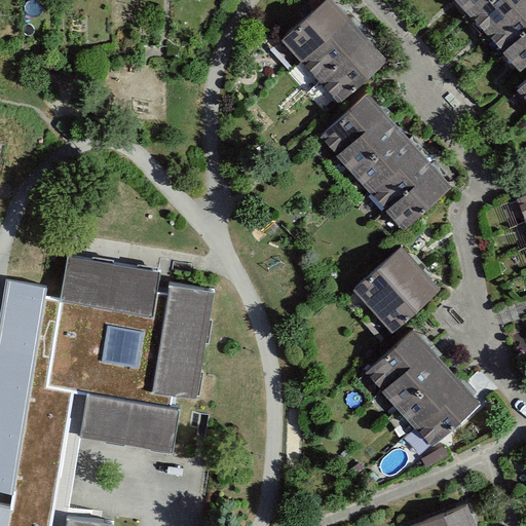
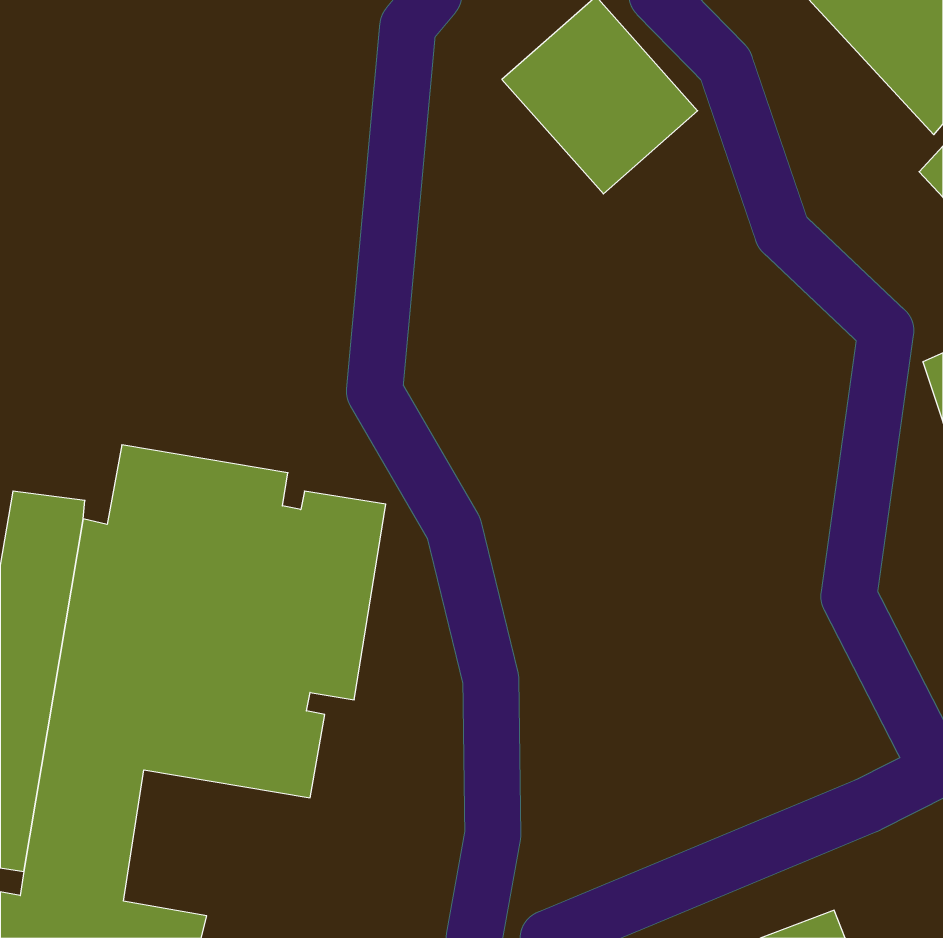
building: [315,95,453,237] -> none
building: [349,243,442,336] -> none
building: [360,334,480,455] -> none

